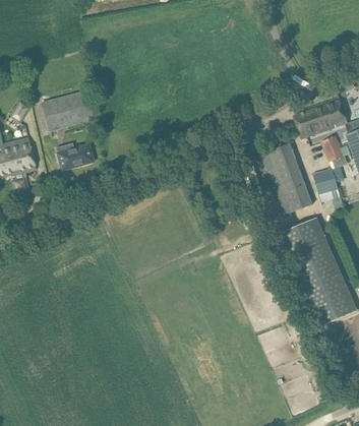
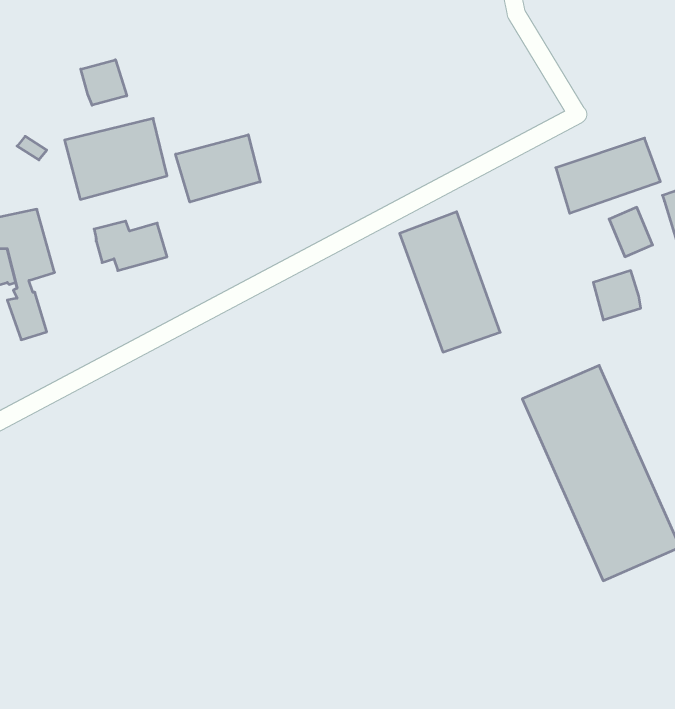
building: none -> [81,60,127,105]
building: none -> [176,135,260,202]
building: [260,142,312,215] -> [400,212,500,352]

